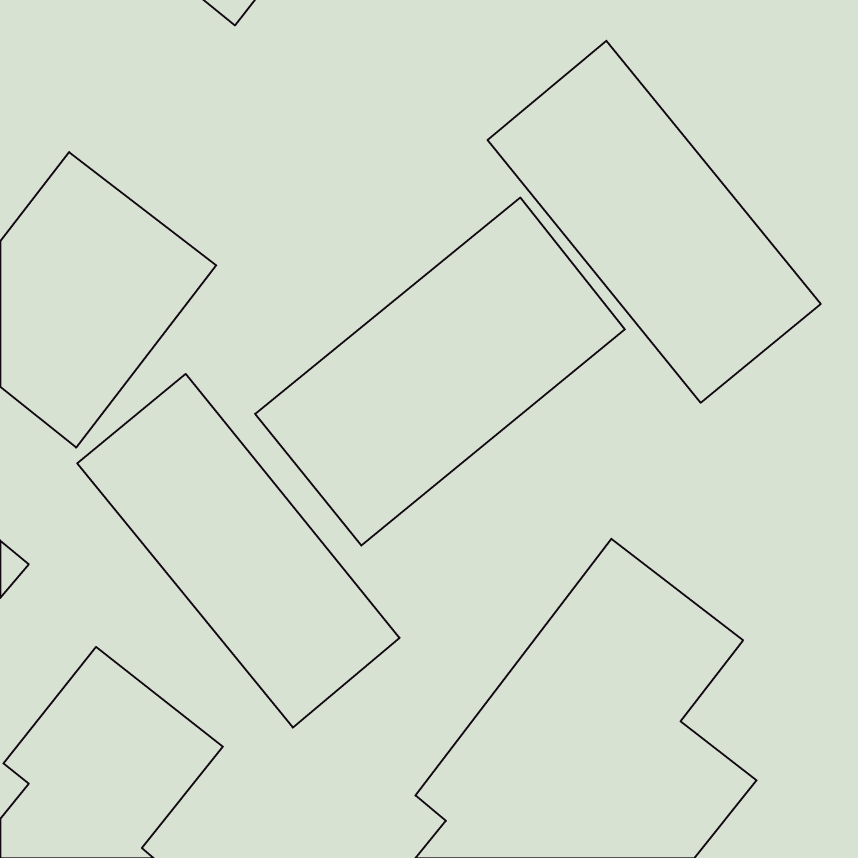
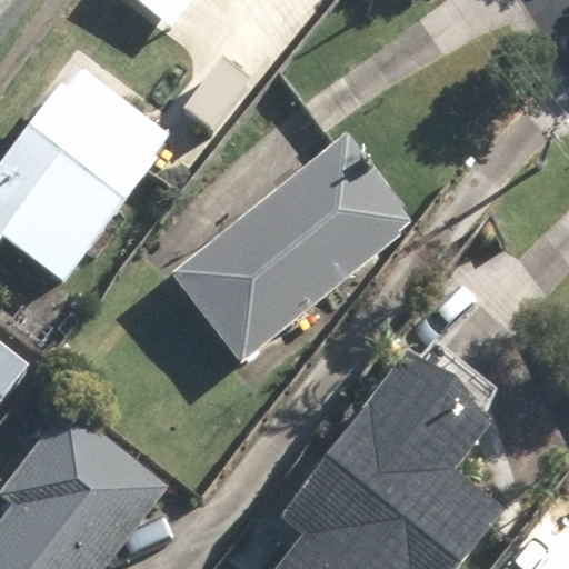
building: [488,41,821,403] -> none
building: [77,374,400,728] -> none

